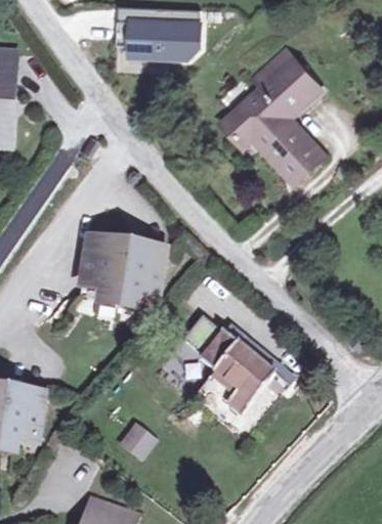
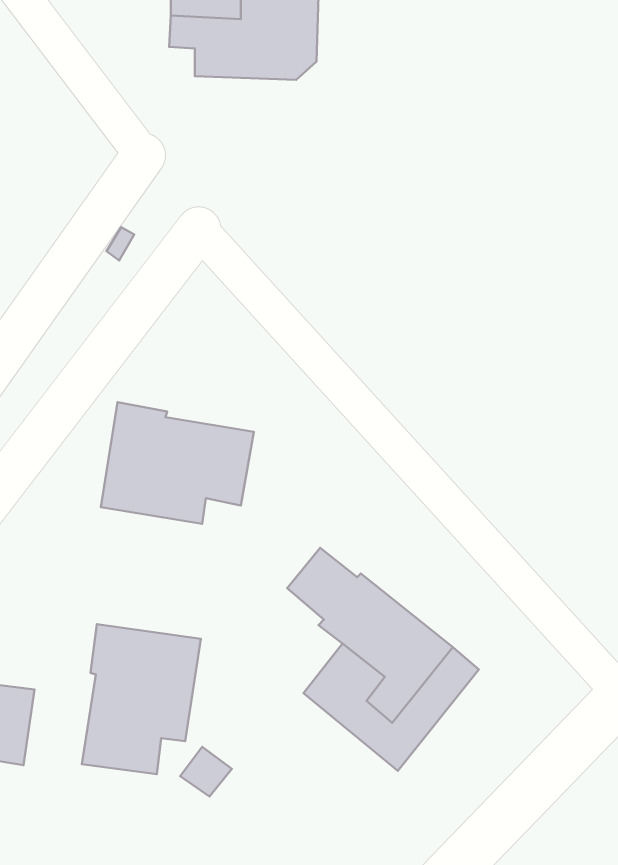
building: [223,57,324,179] -> none
building: none -> [82,624,201,774]

